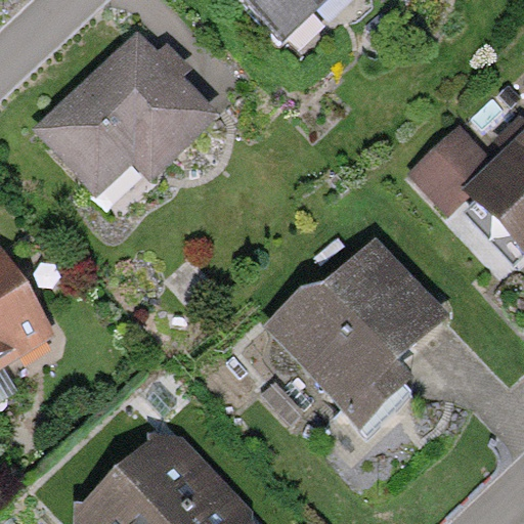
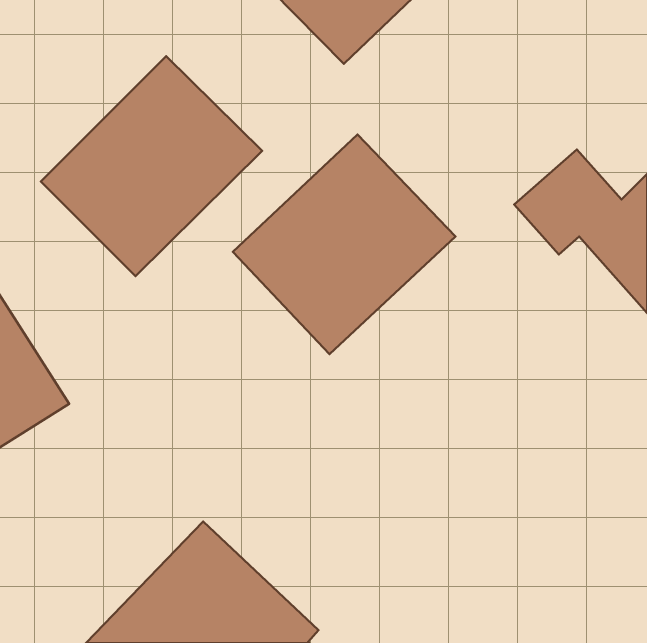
building: none -> [233,134,455,354]
building: [265,243,452,437] -> none

